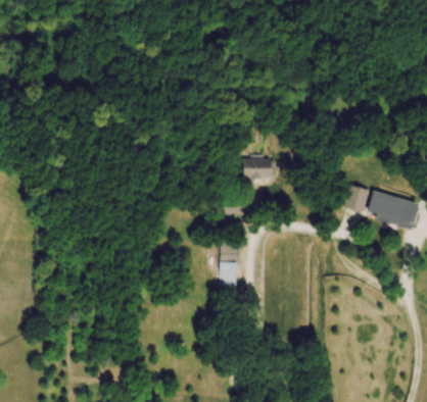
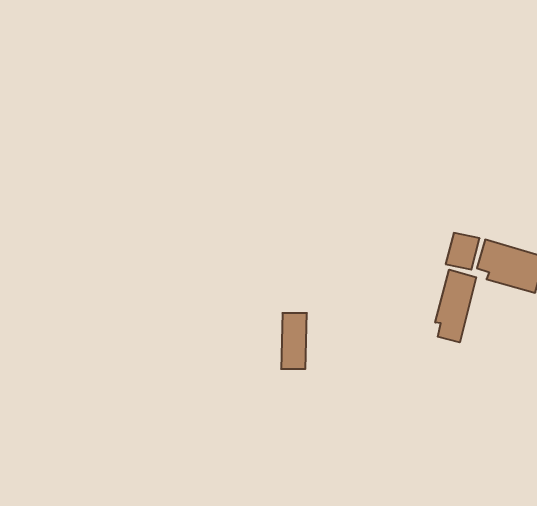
building: [243,158,274,182] -> none
building: none -> [435,270,476,342]

